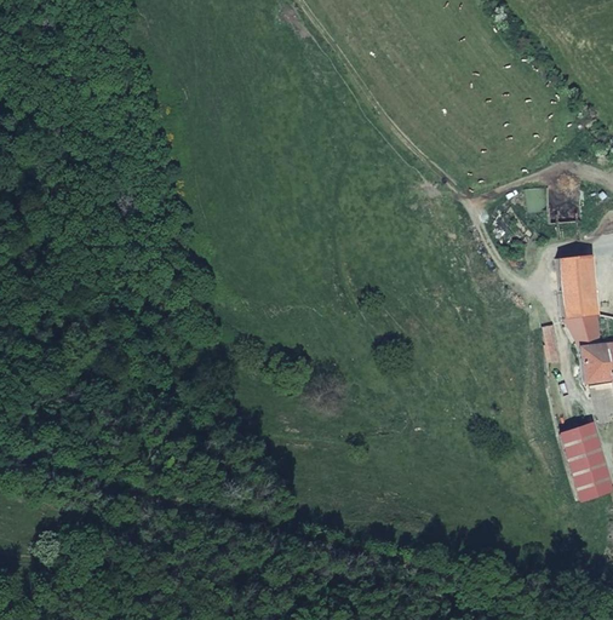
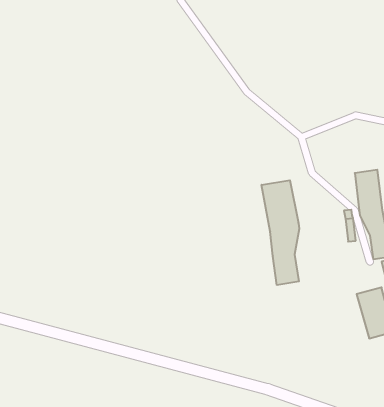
building: none -> [262,180,299,285]

